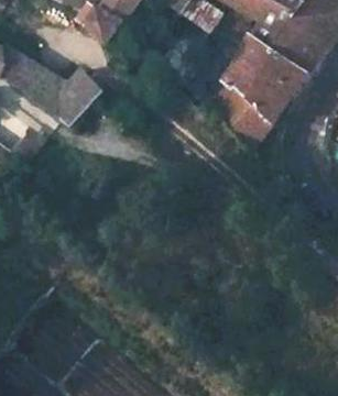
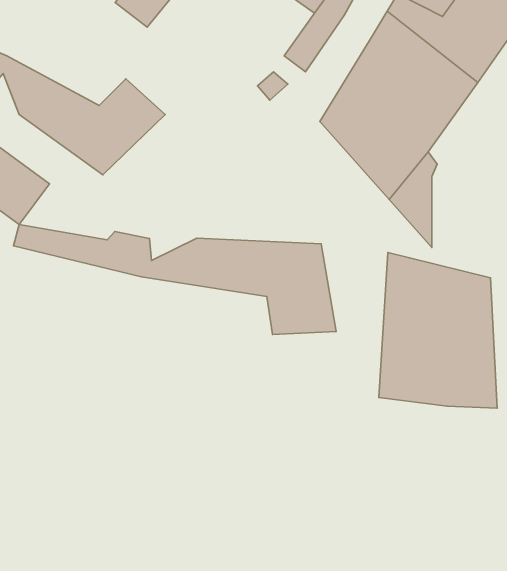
building: none -> [13,225,336,335]
building: none -> [379,253,497,408]

